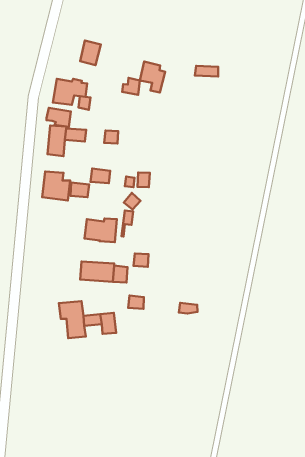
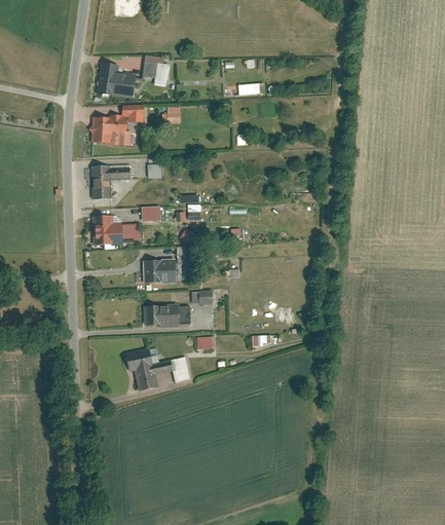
building: none -> [98,63,118,97]
building: [140,61,165,93] -> [143,54,169,85]
building: [46,108,71,127] -> [119,104,144,121]

